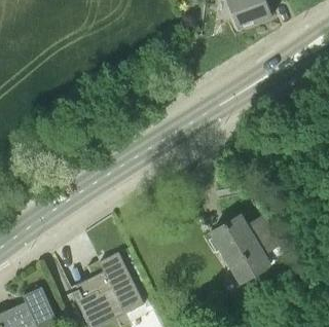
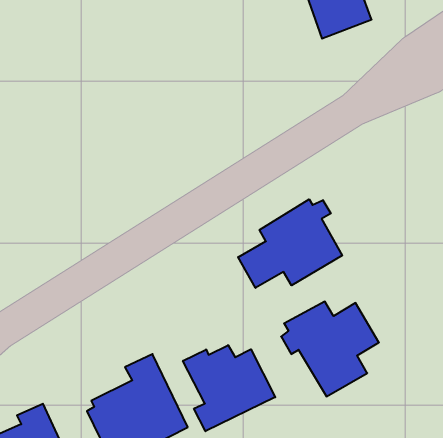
building: none -> [238,199,342,288]
building: none -> [183,345,275,431]

